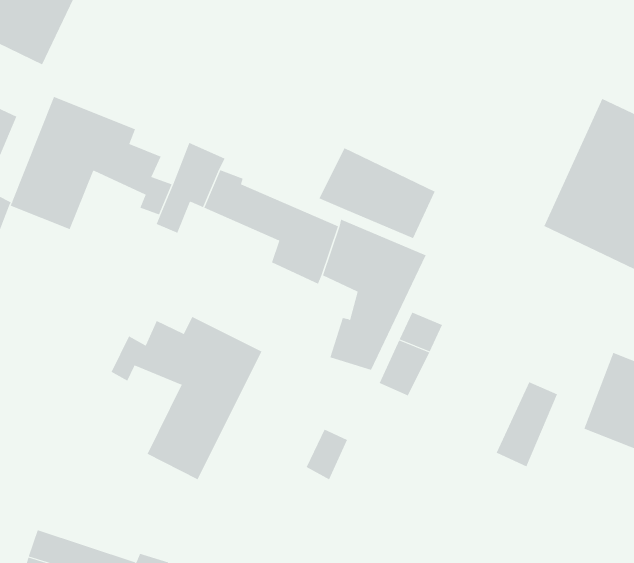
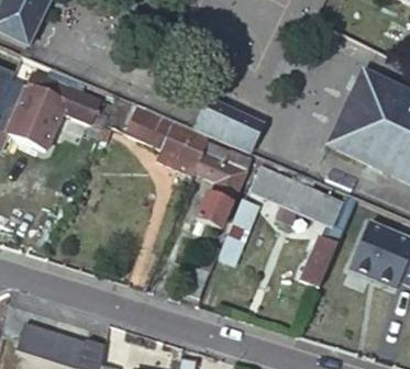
building: none -> [257,168,342,225]
building: [111,316,262,480] -> none

